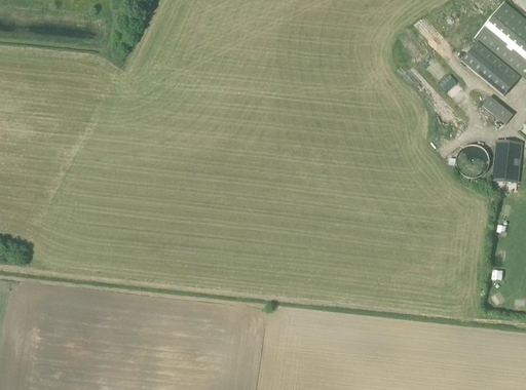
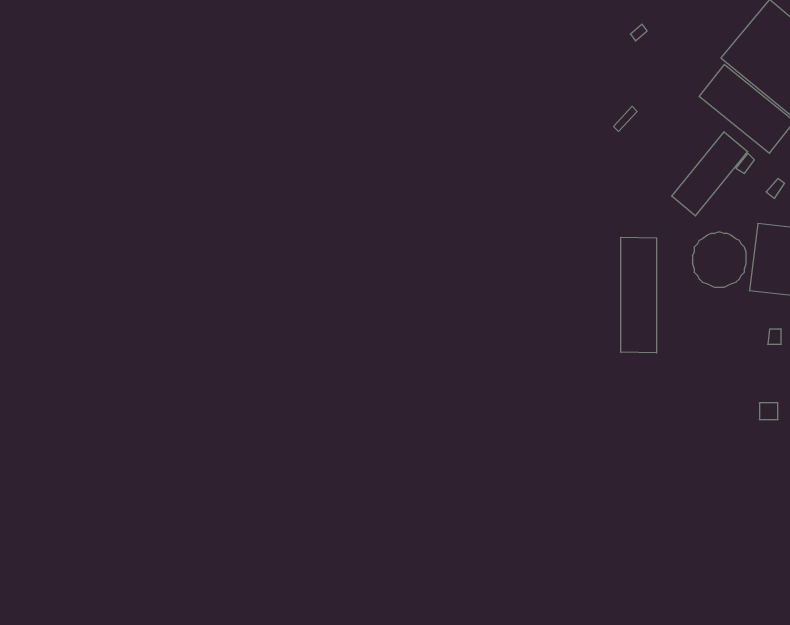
building: none -> [672,132,748,216]
building: none -> [621,237,657,353]

